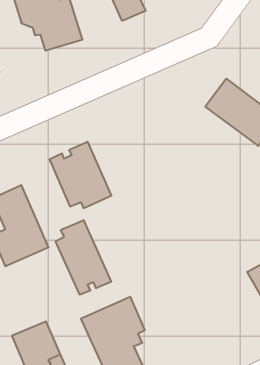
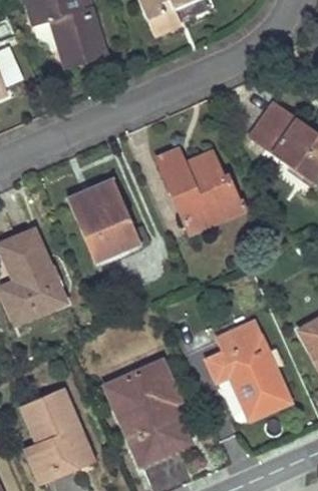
building: none -> [156,150,246,232]
building: [56,220,111,295] -> none
building: none -> [207,320,289,420]

